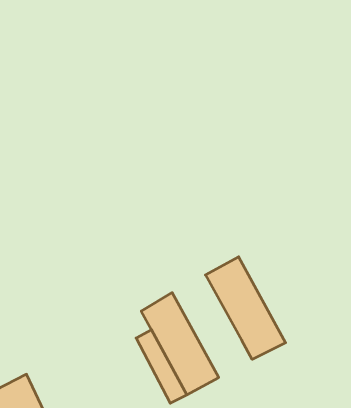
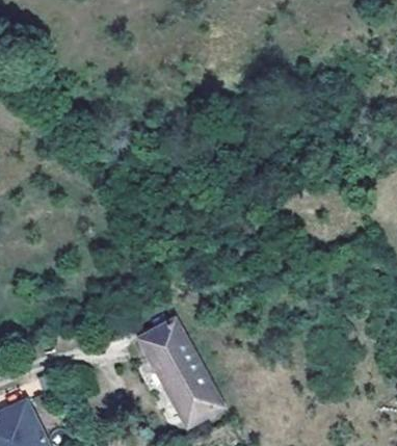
building: [205,257,286,359] -> none

